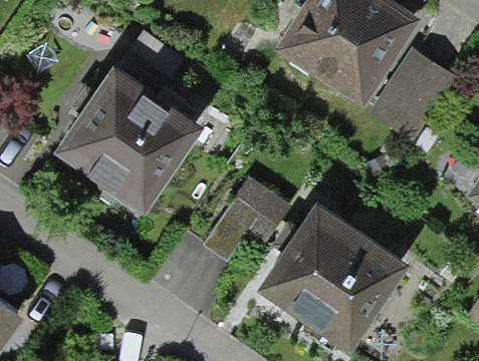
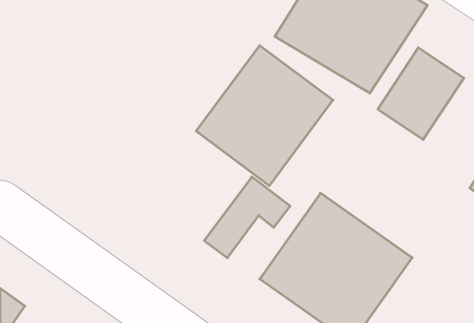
building: none -> [196,46,333,186]
building: [53,62,202,210] -> none

